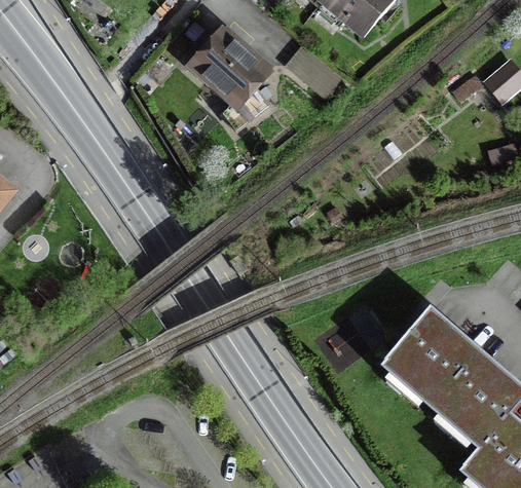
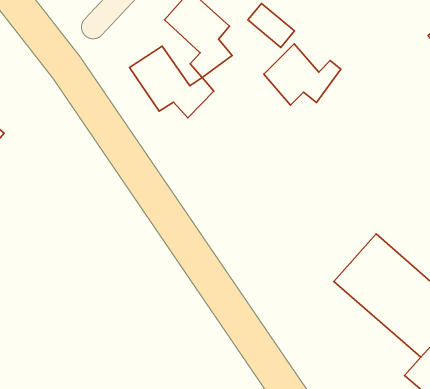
building: none -> [264,44,341,105]
building: none -> [130,46,214,118]

